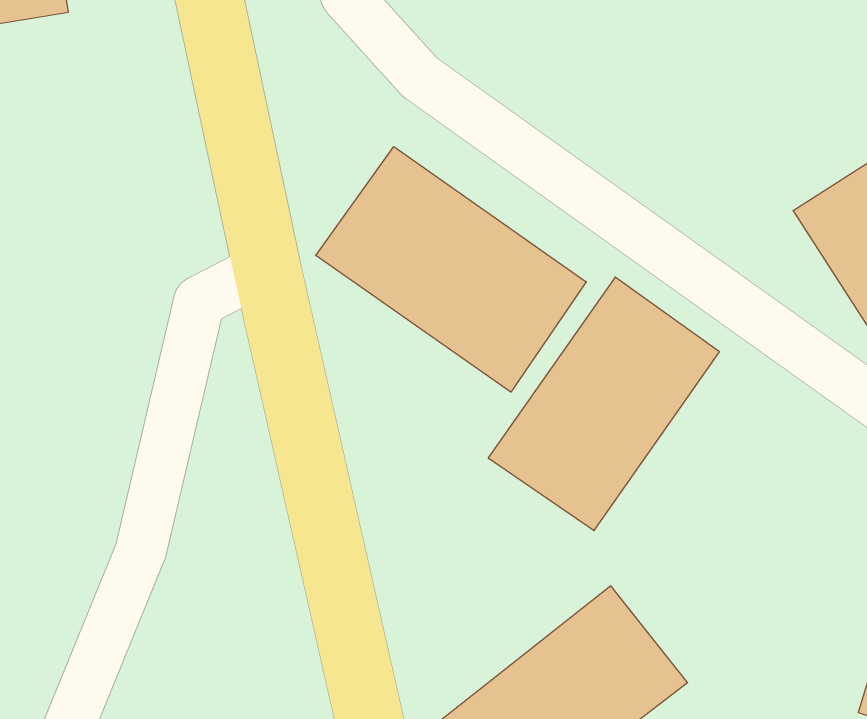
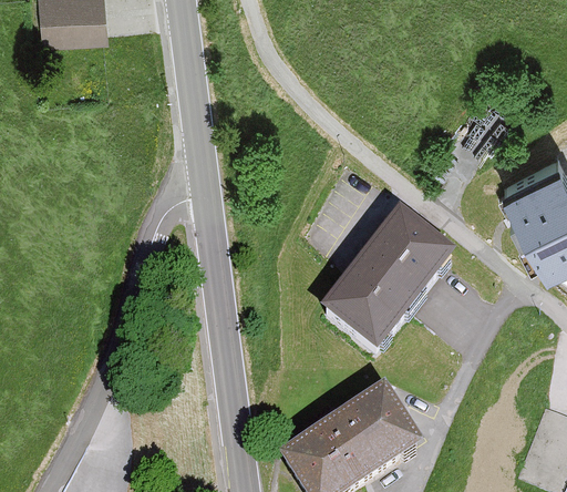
building: [316,147,586,392] -> none

